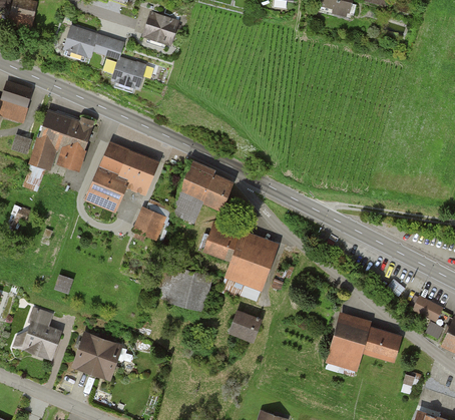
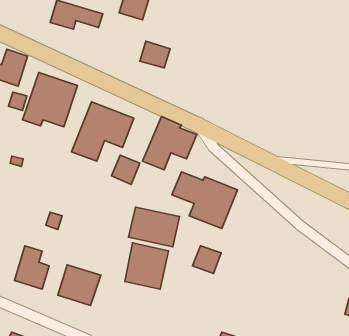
building: [109,57,144,88] -> [140,41,170,68]
building: none -> [125,243,169,289]
building: [326,313,401,371] -> none

